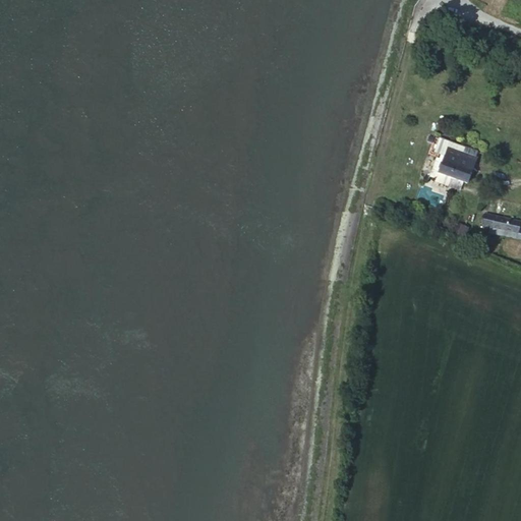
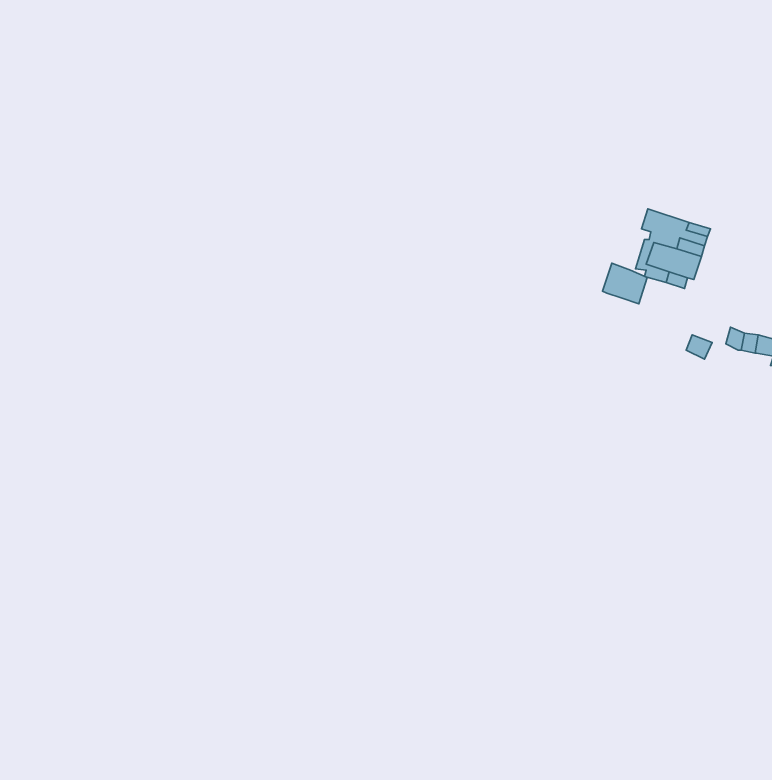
building: none -> [603,263,647,304]

